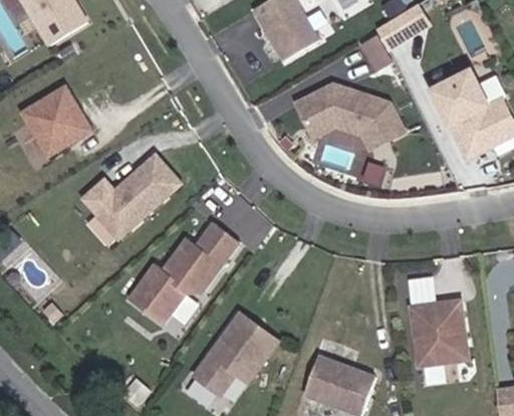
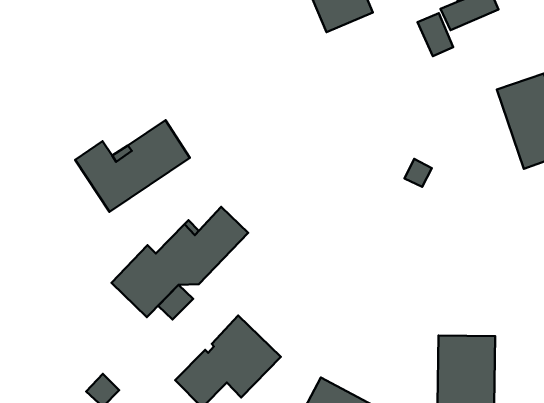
building: [296,80,404,150] -> none
building: [20,85,90,157] -> none

